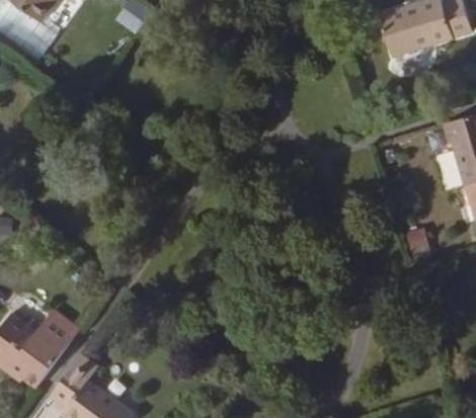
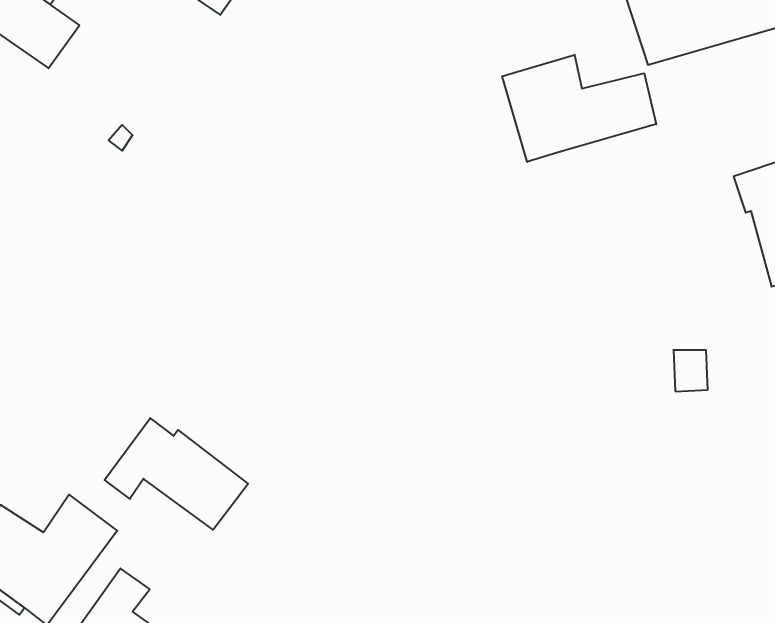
building: none -> [502,55,656,162]
building: none -> [105,418,248,530]

